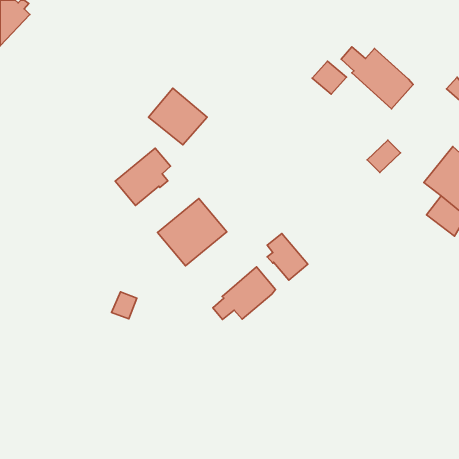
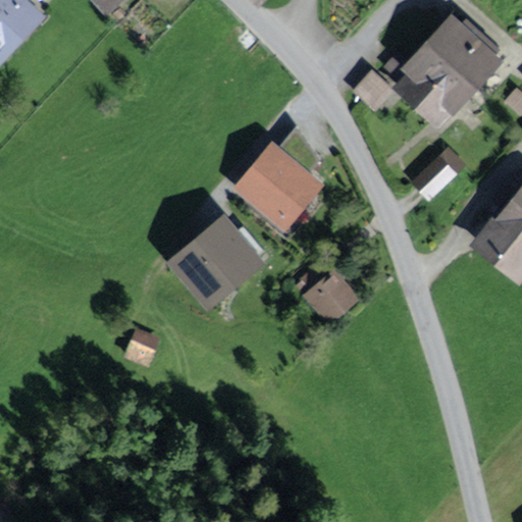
building: none -> [425,15,500,90]
building: [149,88,207,145] -> [247,154,313,218]
building: [115,148,171,206] -> none
building: [213,267,276,320] -> none

